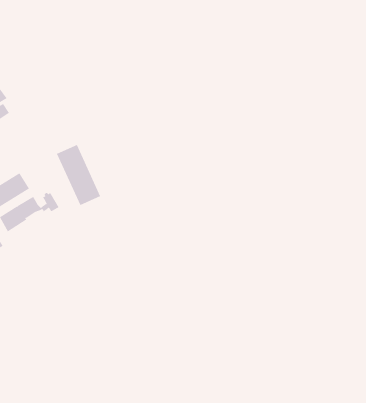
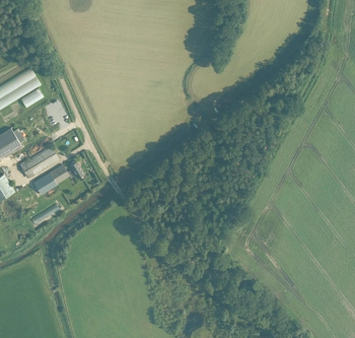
building: [56,144,101,206] -> none

